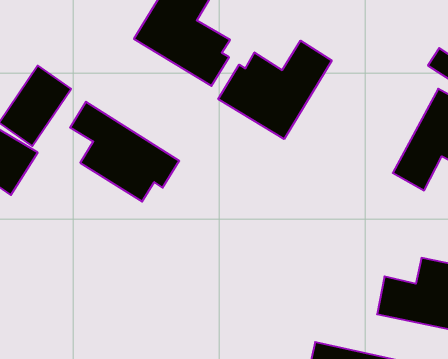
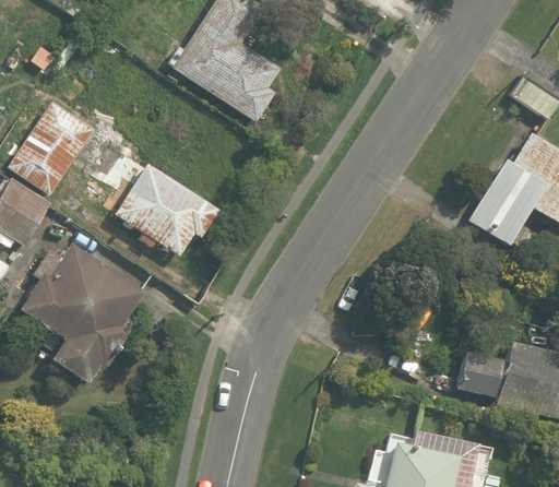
building: [218,41,332,139] -> none
building: none -> [24,242,142,389]

